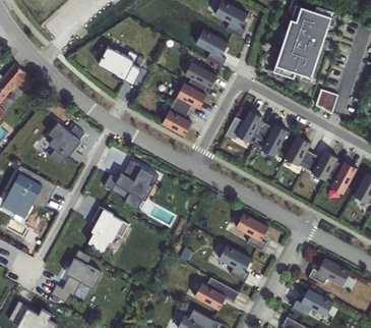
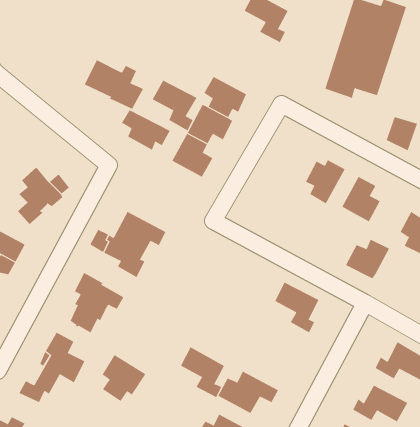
building: [194,30,228,67] -> [152,80,198,131]
building: none -> [121,109,170,150]
building: [236,110,266,142] -> none
building: [305,150,337,179] -> [345,239,390,279]
building: [219,244,251,282] -> [180,346,225,398]
building: none -> [102,354,146,402]

